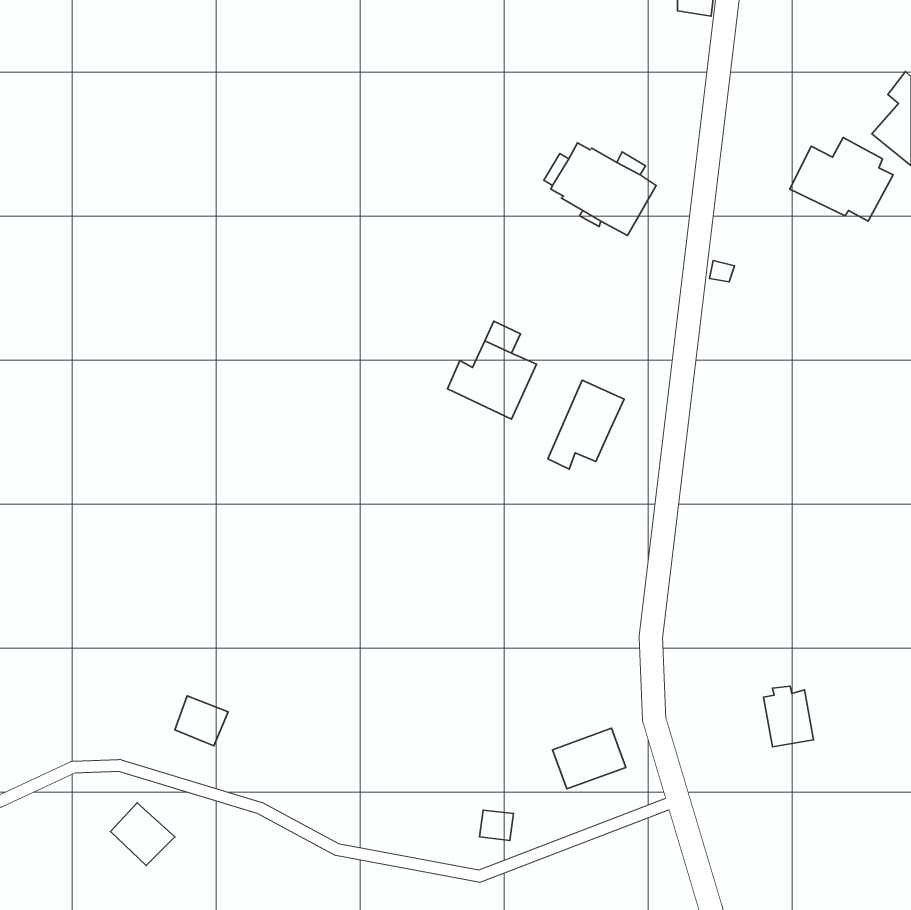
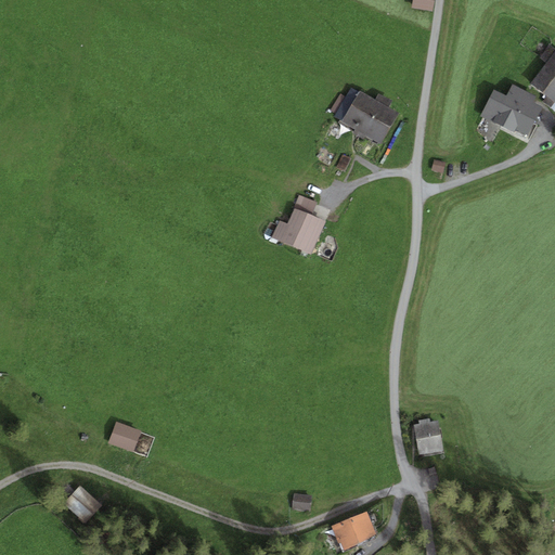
building: [548,380,624,469] -> none
building: [763,686,813,747] -> [413,417,443,454]
building: [553,728,626,789] -> [332,512,376,548]

